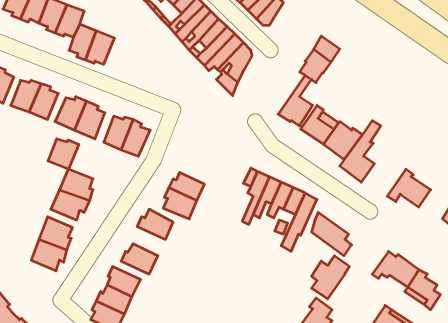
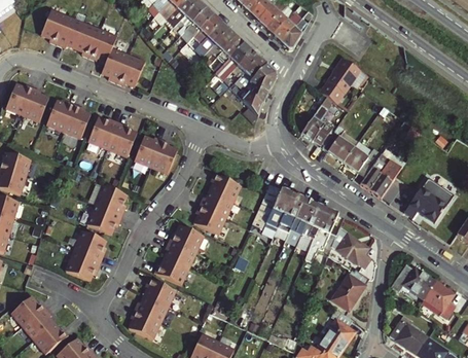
building: [48,139,79,169] -> none
building: none -> [208,171,240,201]
building: none -> [164,241,194,268]

